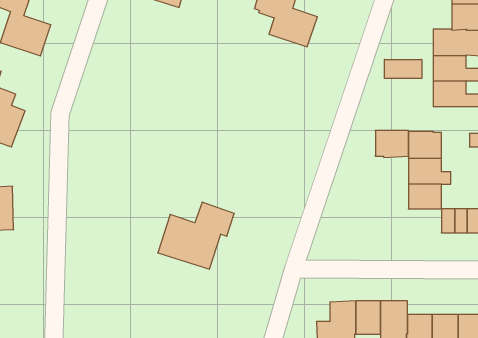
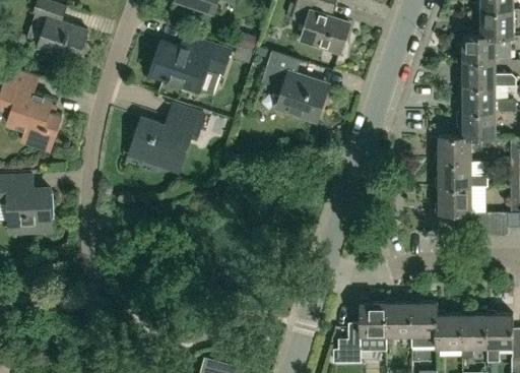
building: none -> [150,42,231,91]
building: none -> [254,48,327,119]
building: [385,59,422,78] -> none
building: [375,130,408,157] -> [463,112,496,138]
building: [158,202,234,269] -> [129,106,204,172]

